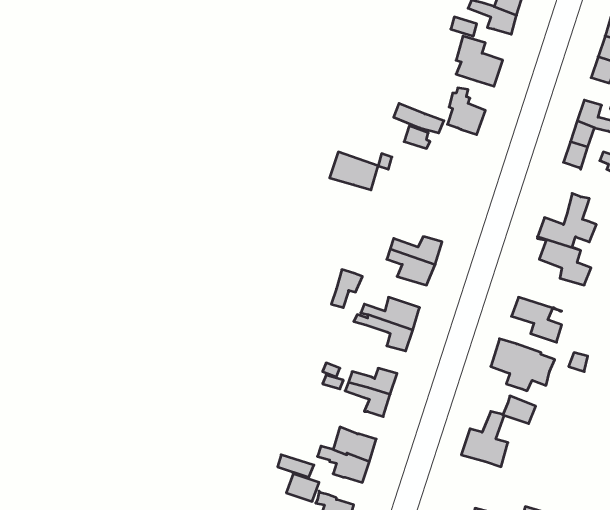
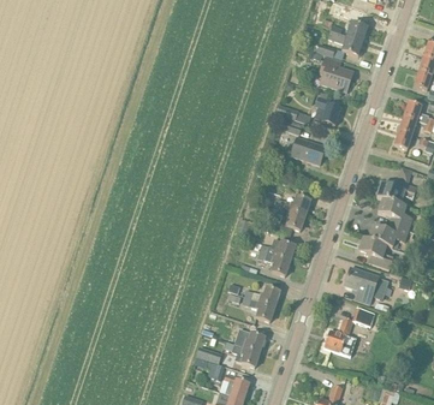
building: [330,152,378,190] -> [291,137,325,163]
building: none -> [363,225,409,248]

